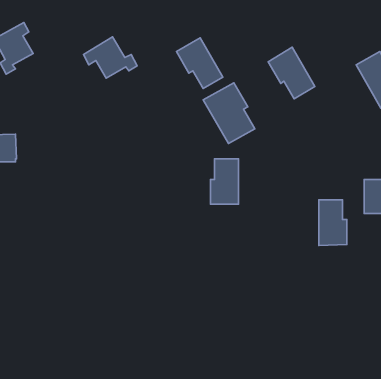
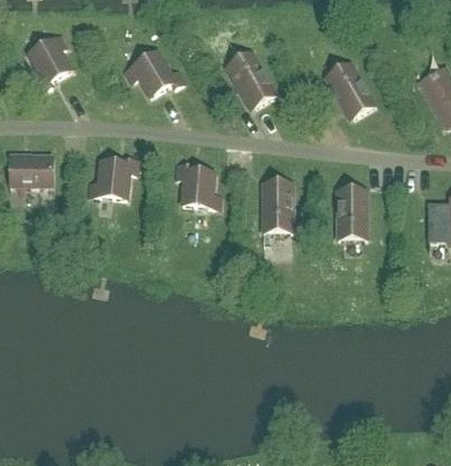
building: [203,83,255,144] -> none
building: none -> [88,157,136,197]
building: none -> [176,162,218,206]
building: [319,200,347,245] -> [336,189,366,238]

